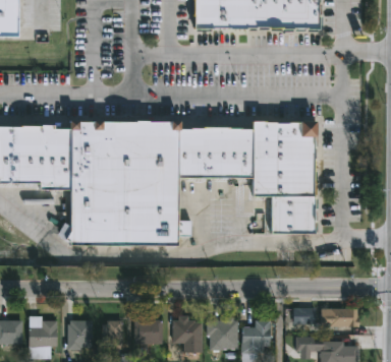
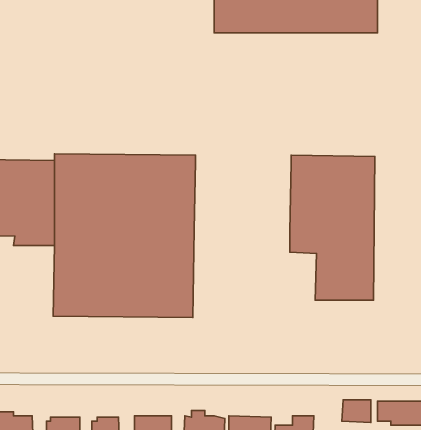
building: [179,125,254,178] -> none

